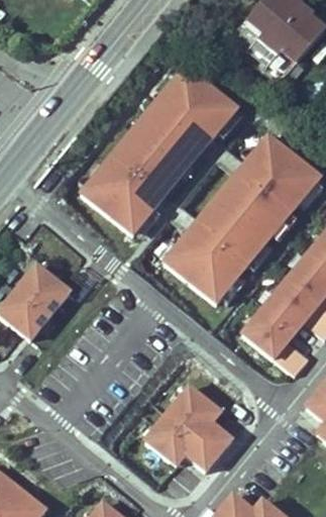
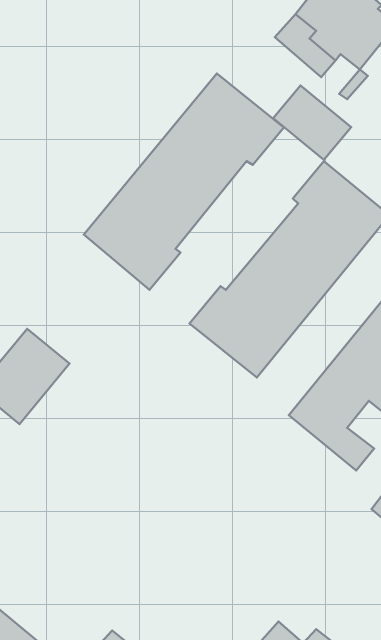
building: none -> [273,86,351,160]
building: [145,385,233,471] -> none

